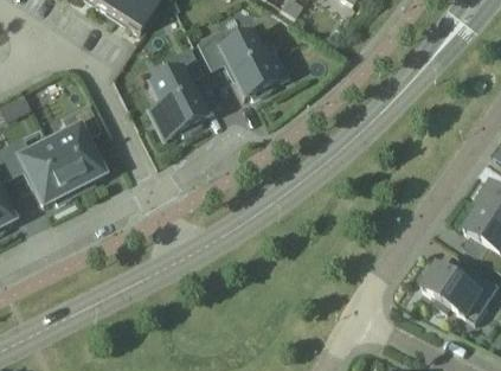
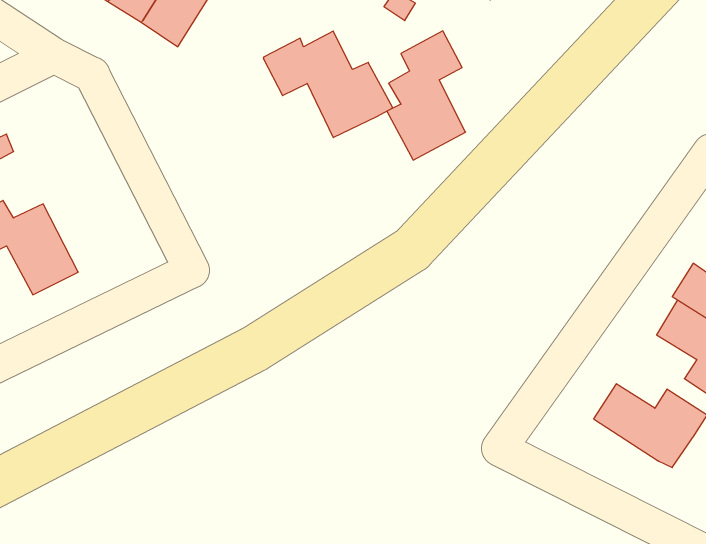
building: [152,50,205,137] -> [387,31,466,160]
building: [50,104,104,186] -> none

